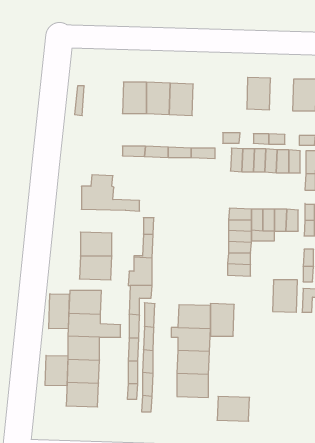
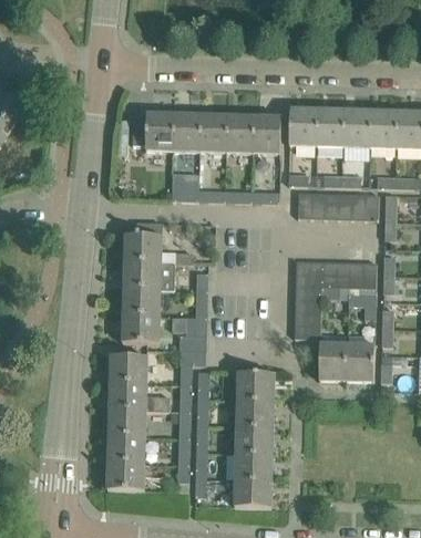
building: none -> [289,108,317,145]
building: none -> [342,110,370,147]
building: none -> [132,113,173,151]
building: none -> [253,116,280,153]
building: none -> [123,261,175,289]
building: none -> [348,287,376,319]
building: [49,294,69,329] -> none
building: [210,304,234,336] -> [319,342,347,380]
building: [45,355,68,386] -> none
building: [217,396,250,421] -> [234,478,271,507]

